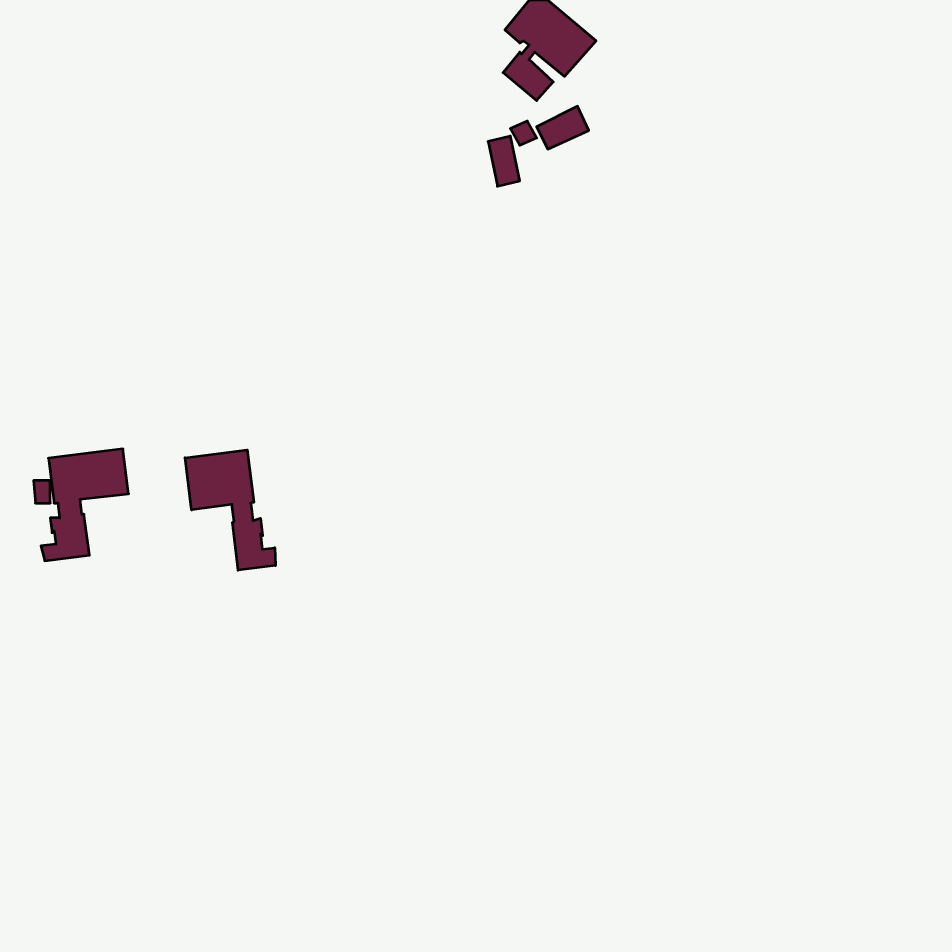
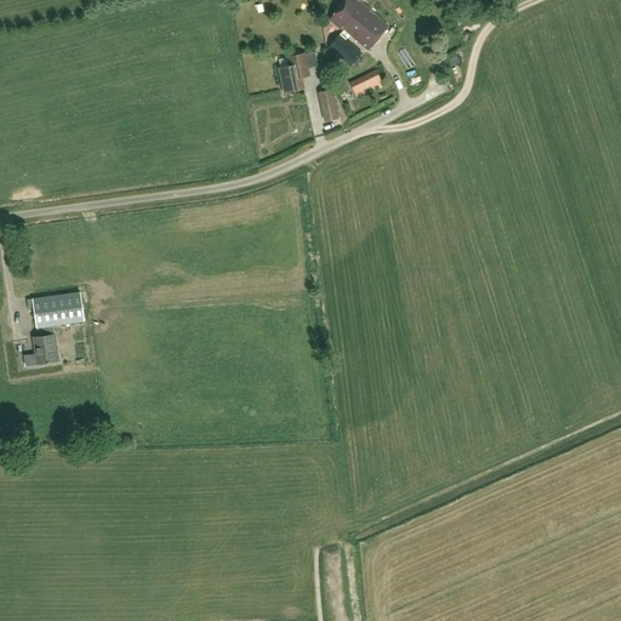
building: none -> [278,52,310,93]
building: [185,450,275,570] -> none

